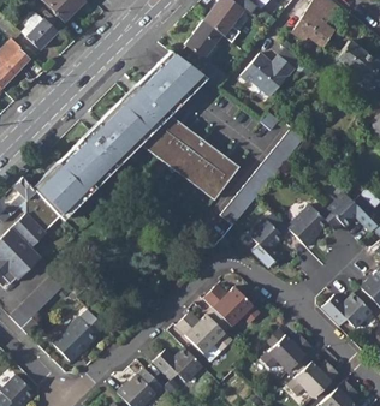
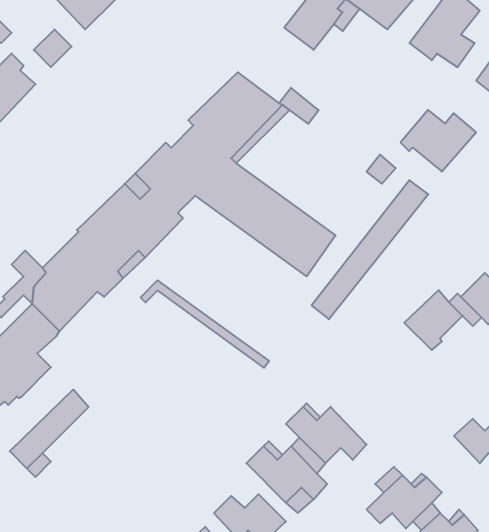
building: [184,20,221,59] -> none
building: [239,54,292,97] -> [401,110,476,172]
building: [127,138,218,199] -> [141,280,269,368]
building: [248,217,283,268] -> none
building: [53,310,106,365] -> none

